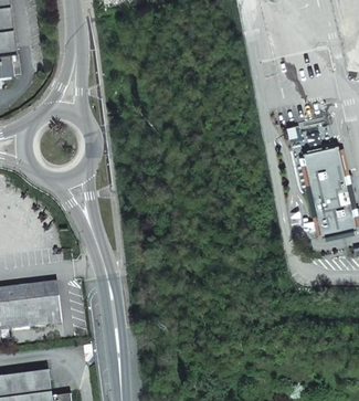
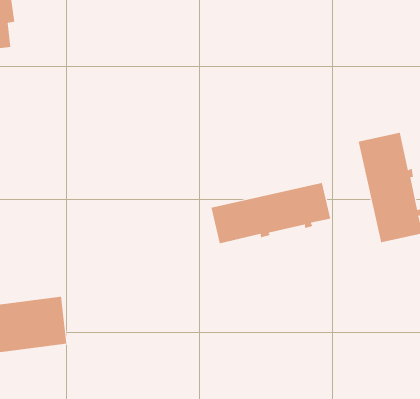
building: none -> [211,182,331,244]

